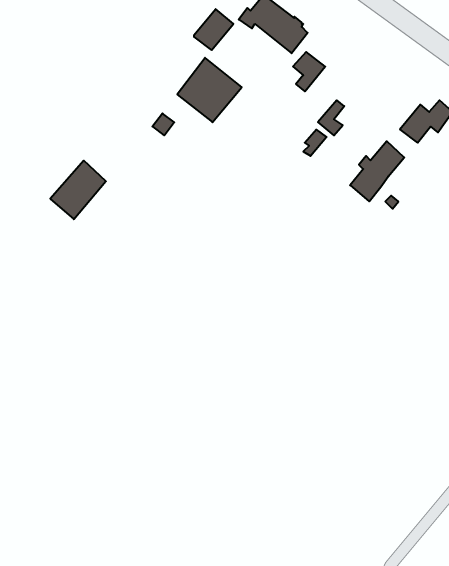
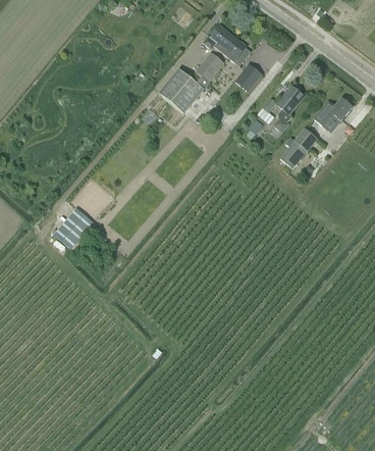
building: [194,9,233,50] -> [196,52,223,81]
building: none -> [273,86,304,132]
building: [50,161,106,219] -> [53,206,92,247]

